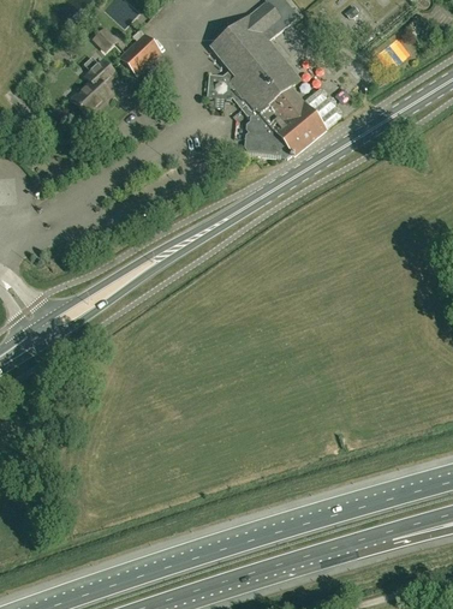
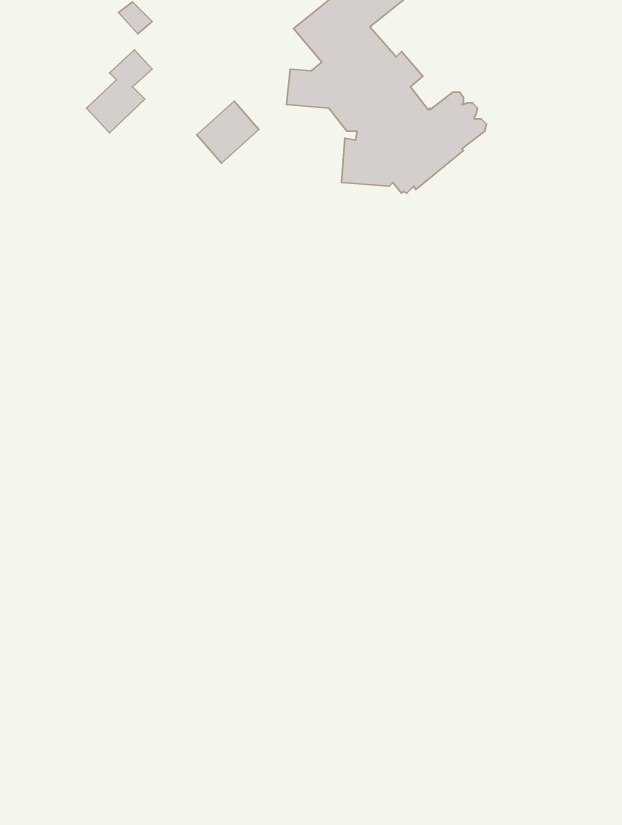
building: [119,32,161,74] -> [197,101,259,163]

